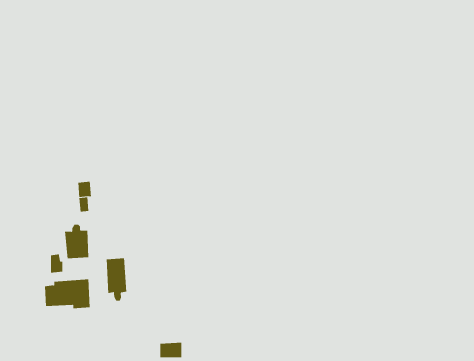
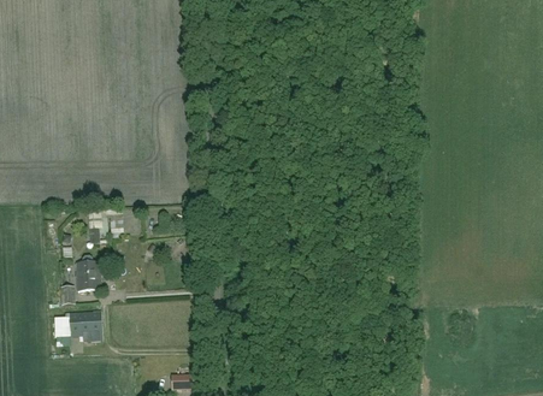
building: [106,258,127,302] -> none

